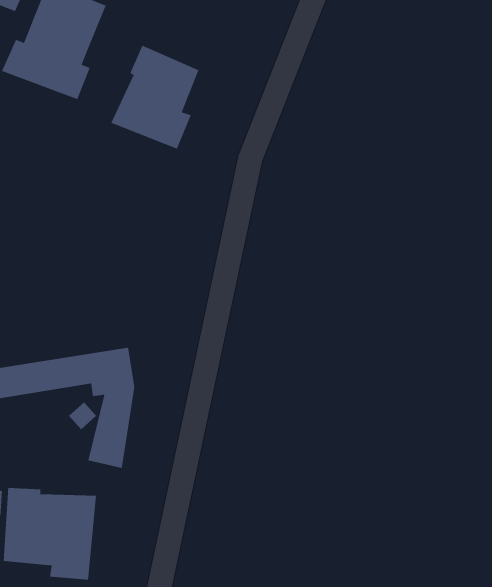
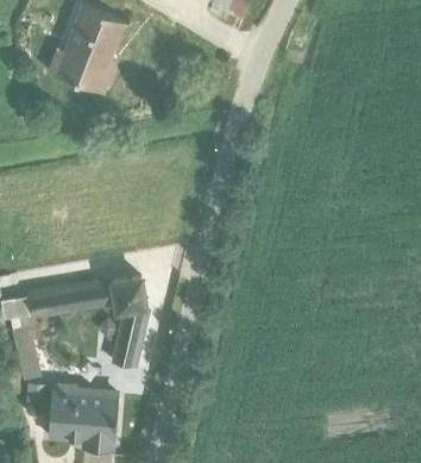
building: [111,45,199,150] -> none

